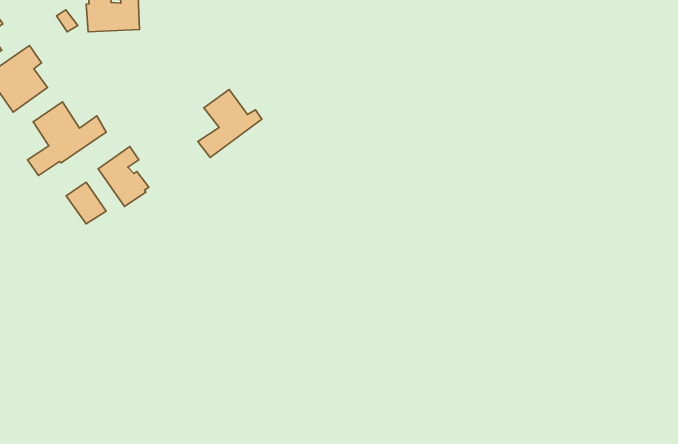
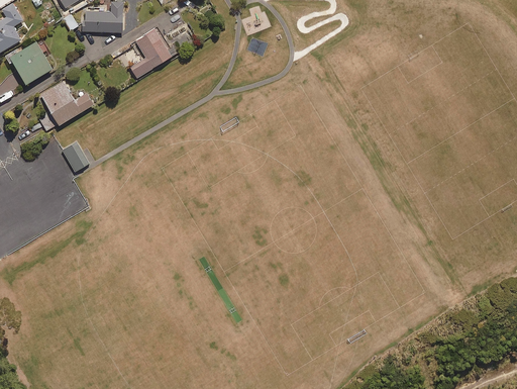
building: [198,89,262,157] -> [129,29,177,78]
building: [98,146,149,206] -> none

